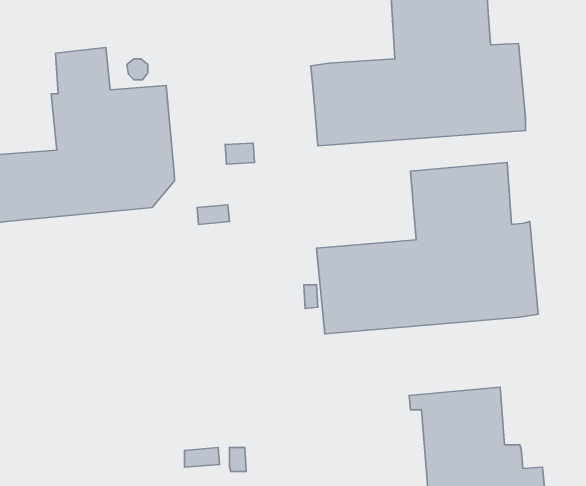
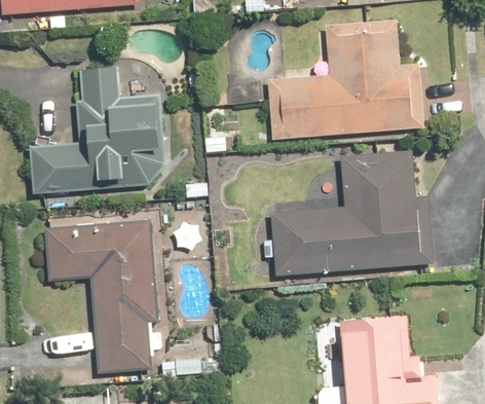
building: none -> [43,220,156,374]

